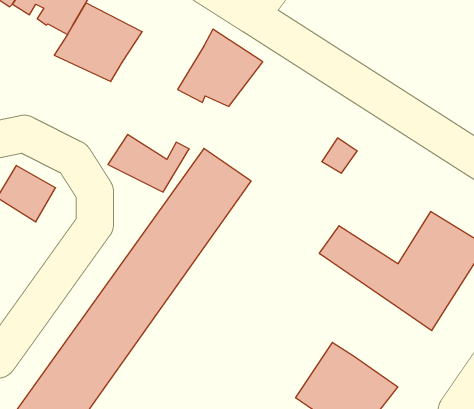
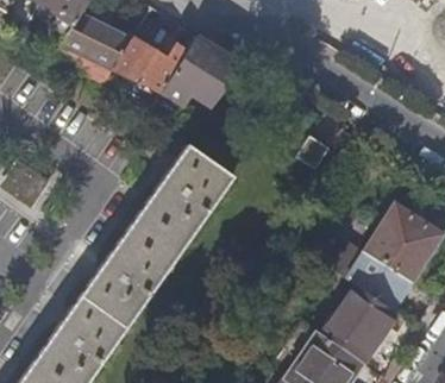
building: [108,134,189,192] -> [115,38,189,90]
building: none -> [326,283,399,360]

